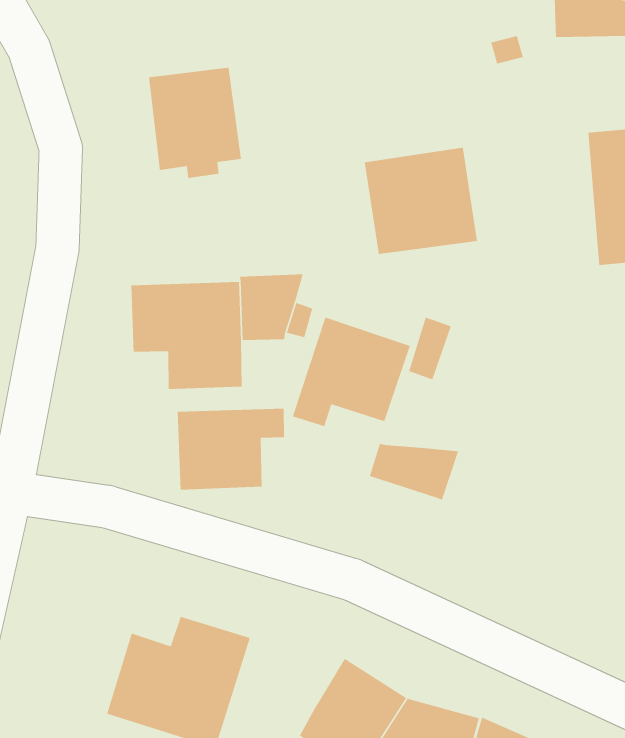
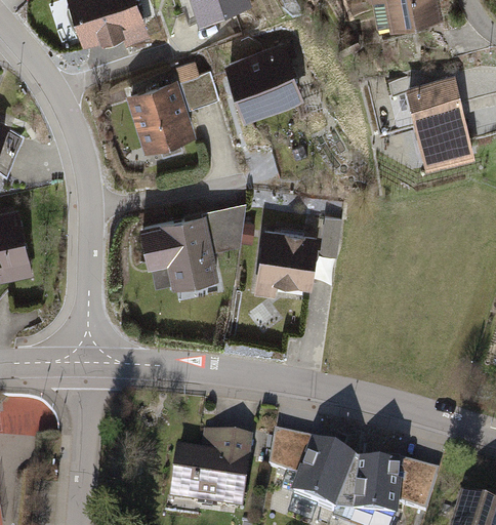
building: none -> [175,62,218,110]
building: [364,147,478,255] -> [228,45,306,121]
building: [177,408,285,490] -> none
building: [369,443,459,501] -> none
building: none -> [266,429,309,475]

